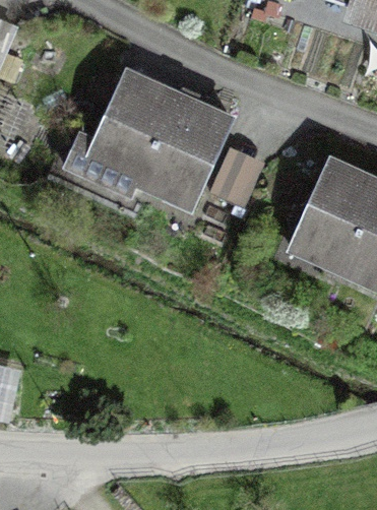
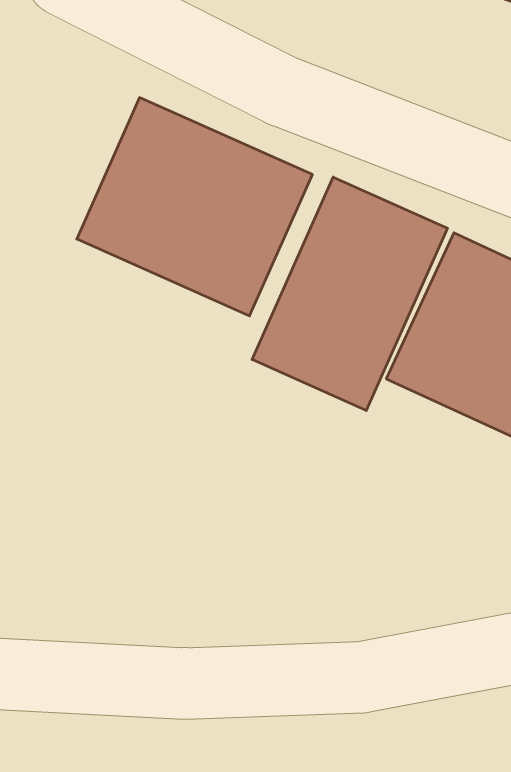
building: none -> [252,177,447,411]

